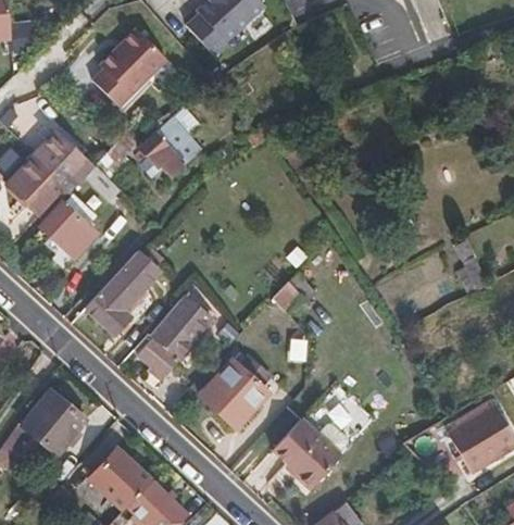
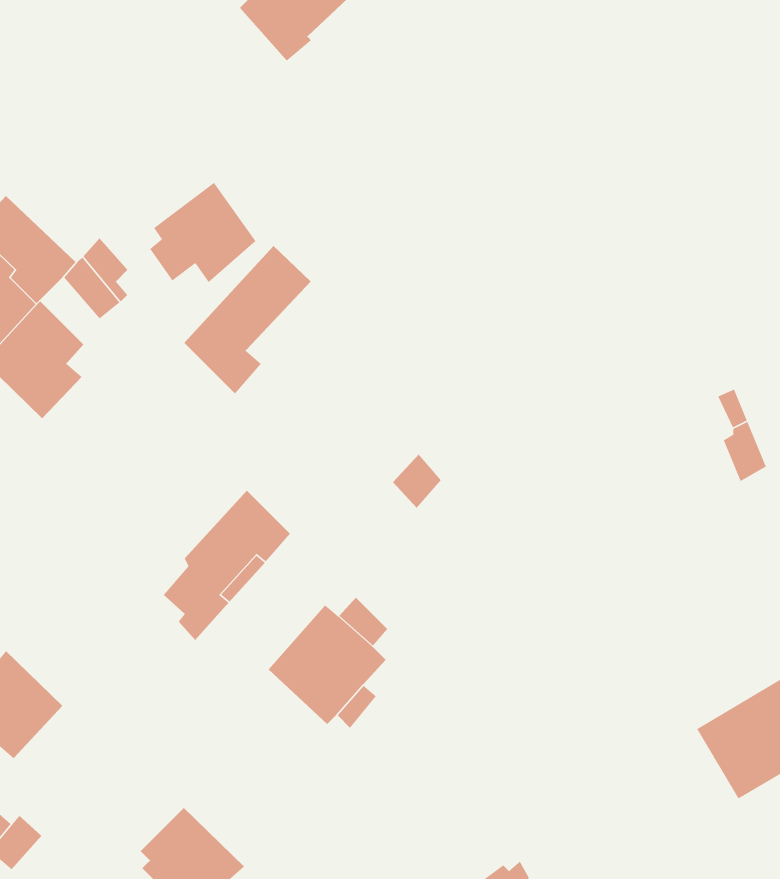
building: [93,26,167,105] -> none
building: [86,253,159,338] -> [184,245,312,394]
building: [273,416,342,489] -> none
building: [88,443,153,508] -> none

